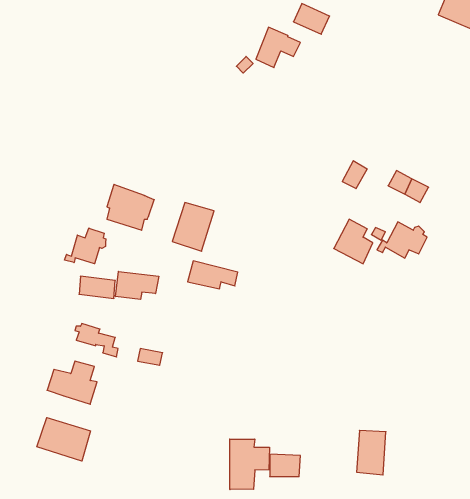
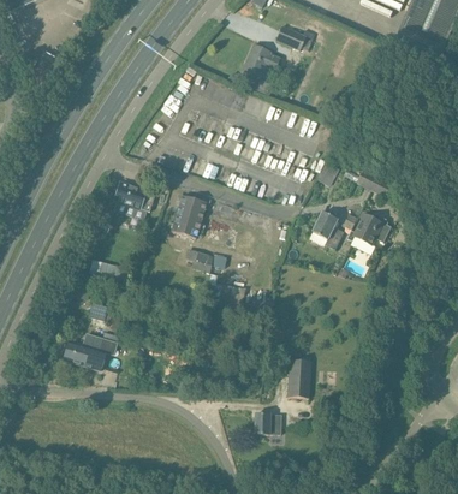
building: [65,228,106,264] -> none
building: [115,271,159,299] -> none
building: [37,418,91,461] -> none
building: [357,430,386,475] -> [286,359,311,398]
building: [230,439,269,490] -> none

